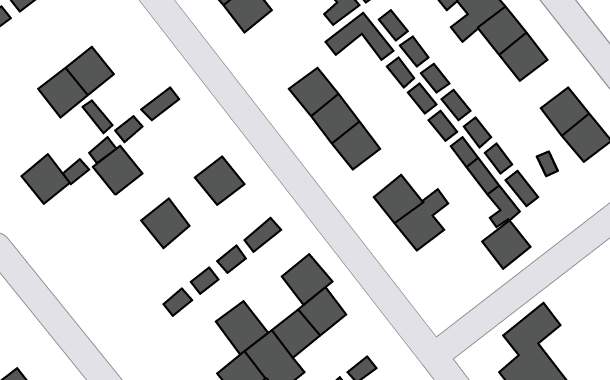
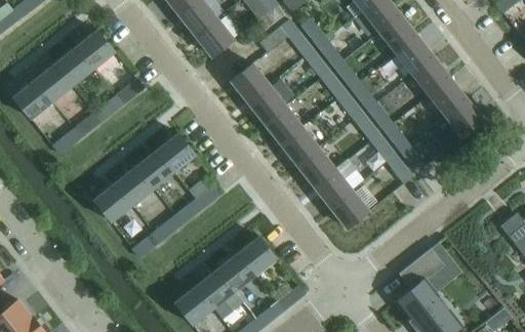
building: none -> [196,18,234,56]
building: none -> [76,30,115,69]
building: none -> [412,57,450,95]
building: [93,146,142,194] -> [93,183,132,221]
building: none -> [281,127,319,165]
building: [22,154,70,204] -> [13,80,51,119]
building: none -> [136,150,174,188]
building: [482,221,530,269] -> [331,191,369,229]
building: [282,254,333,305] -> none
building: [216,301,268,355] -> none

